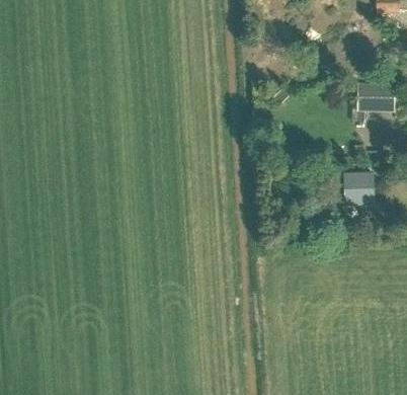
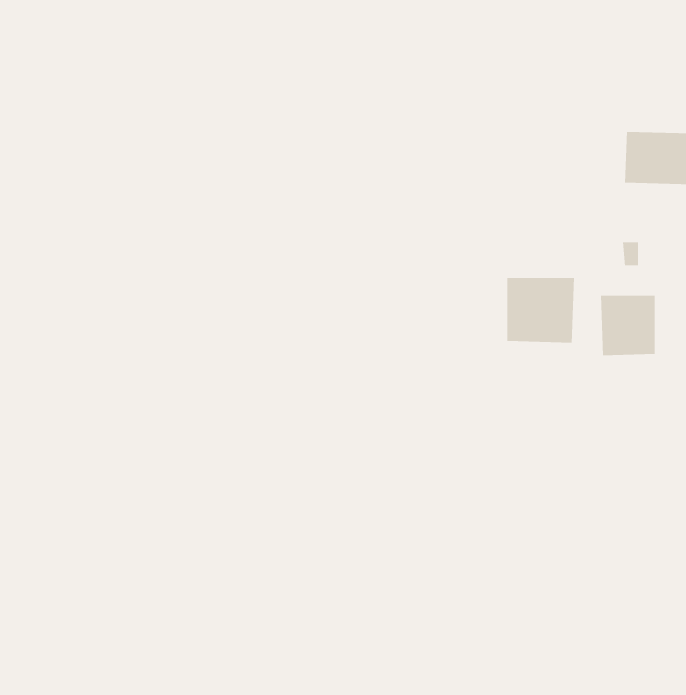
building: none -> [507,277,574,343]

